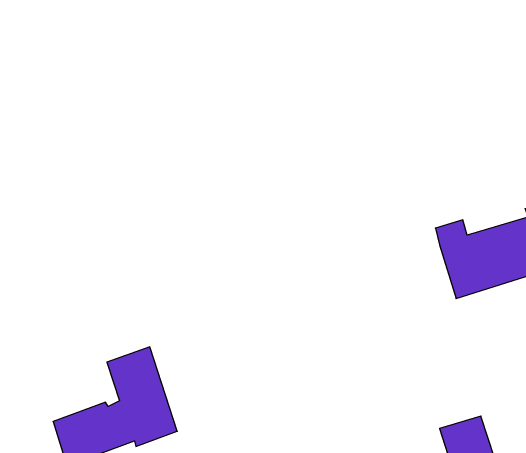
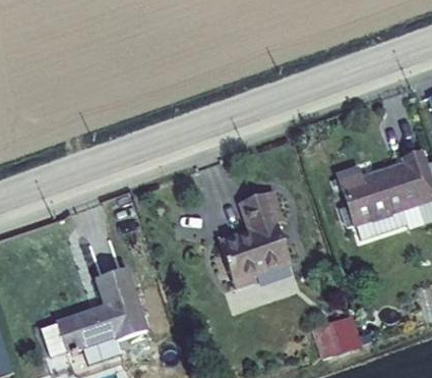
building: none -> [214,190,285,286]

